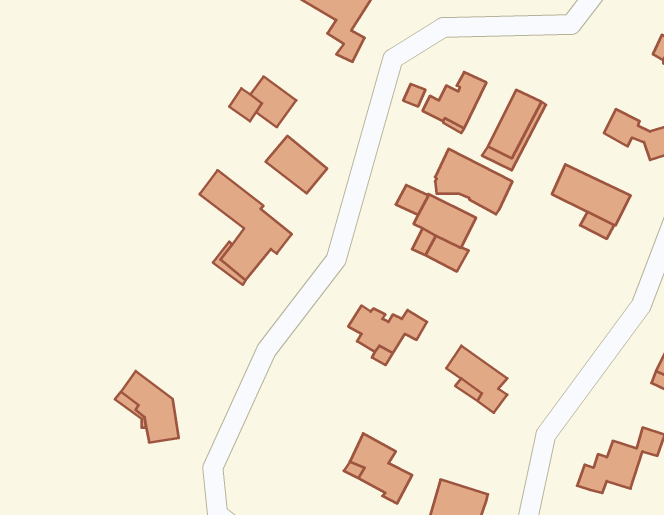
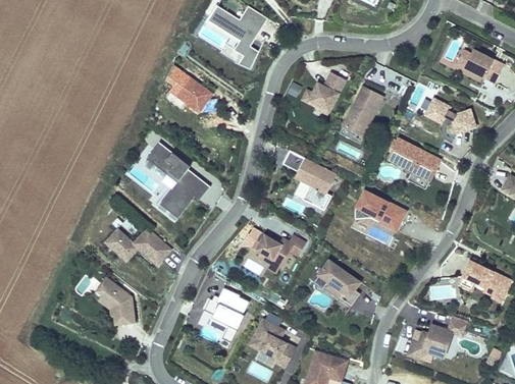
building: [266,136,327,193] -> none
building: [435,149,512,214] -> [355,186,408,231]
building: none -> [103,227,169,265]
building: none -> [203,288,248,343]

